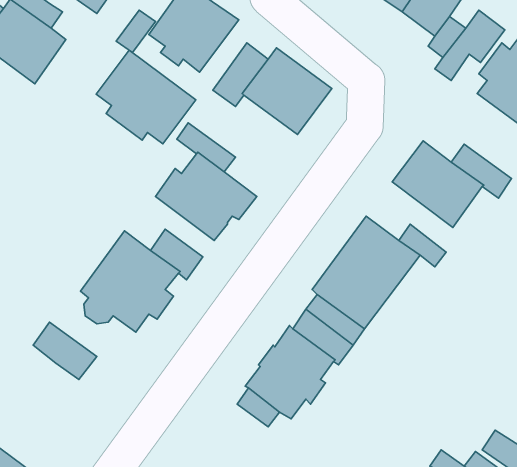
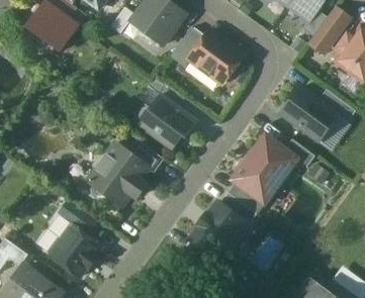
building: [96,50,196,144] -> none
building: none -> [50,225,101,277]

